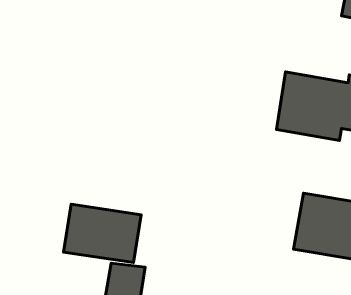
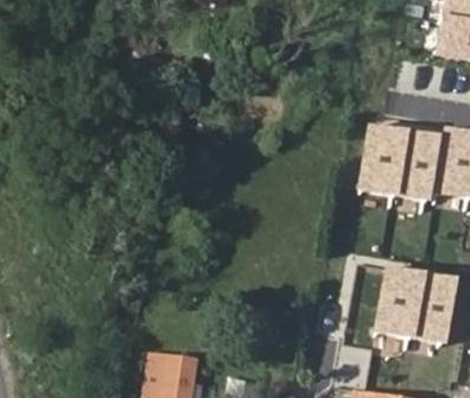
building: [64,204,141,263] -> none

